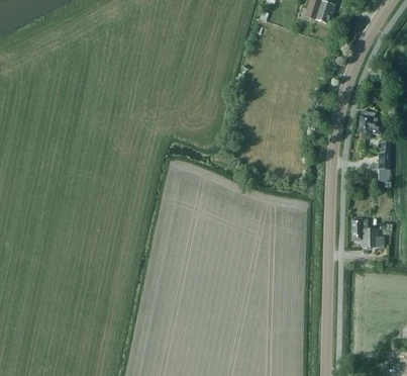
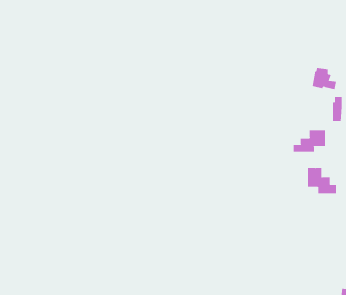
building: none -> [293,130,325,153]

